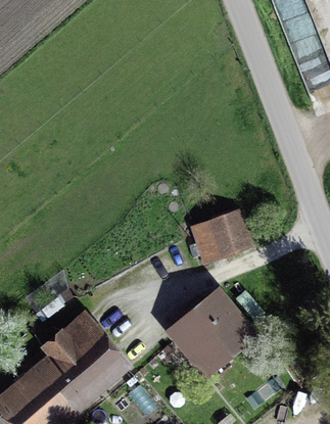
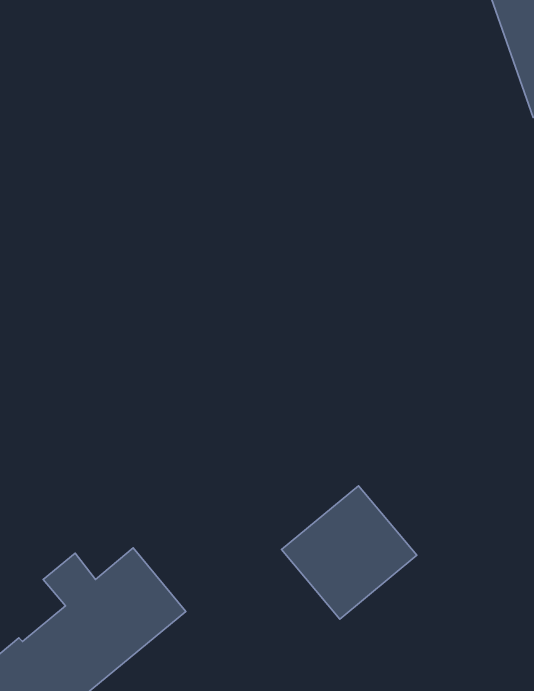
building: [189,207,241,258] -> none

